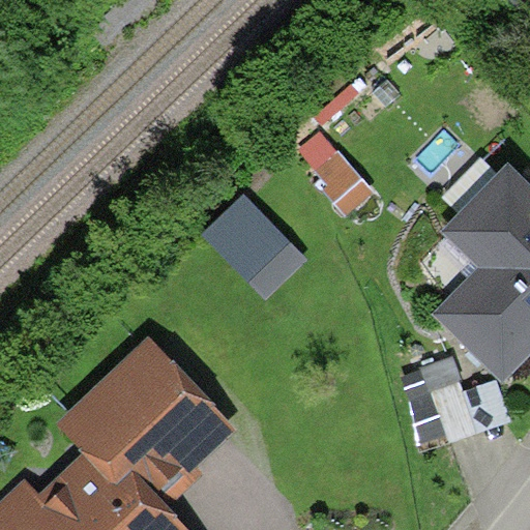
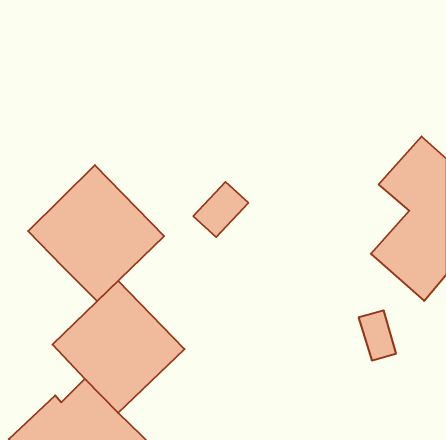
building: none -> [28,165,164,301]

